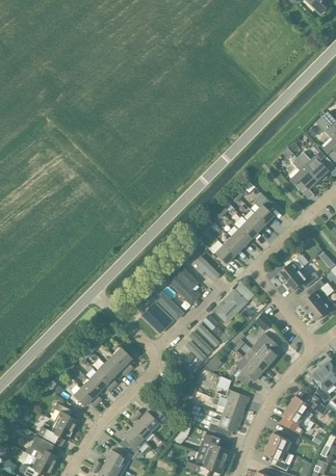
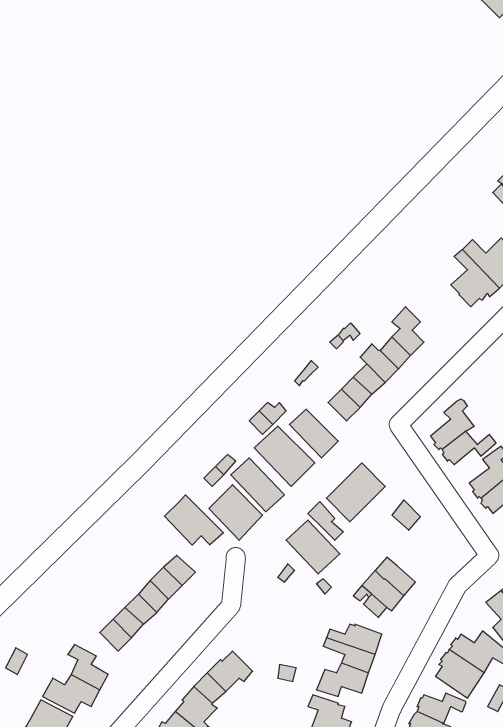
building: none -> [164,495,223,545]
building: [251,338,282,363] -> none

